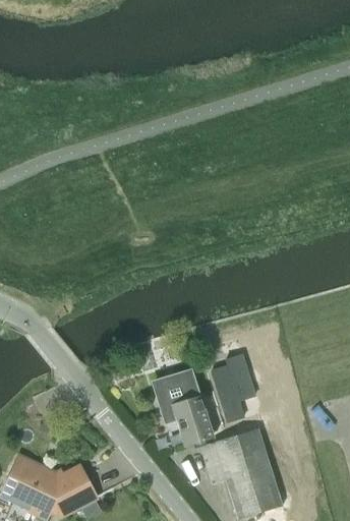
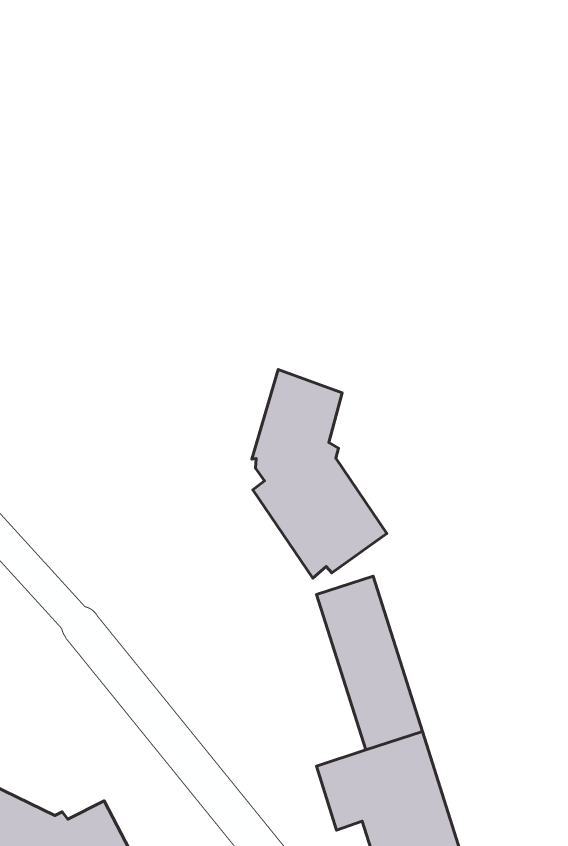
building: none -> [252,369,387,578]
building: [159,377,211,442] -> none

